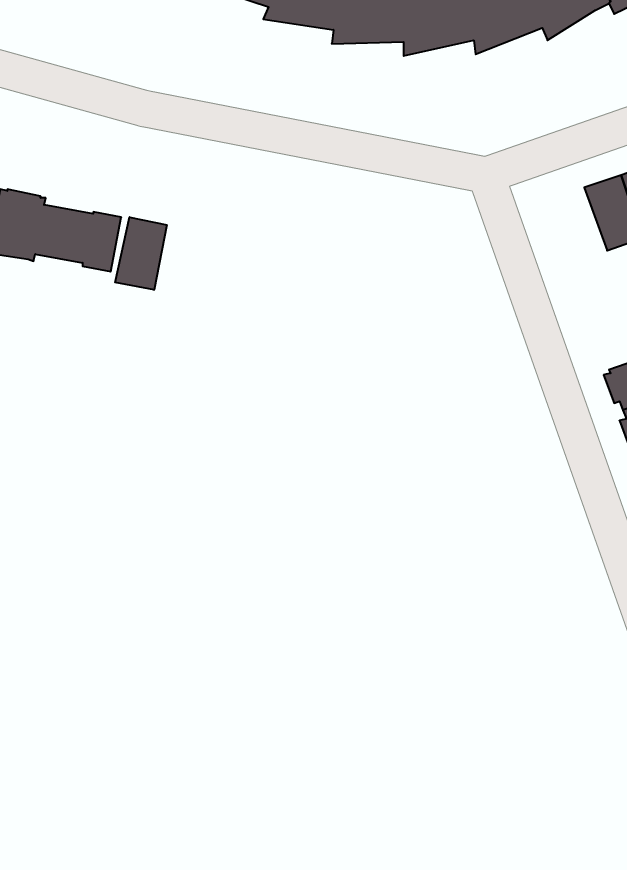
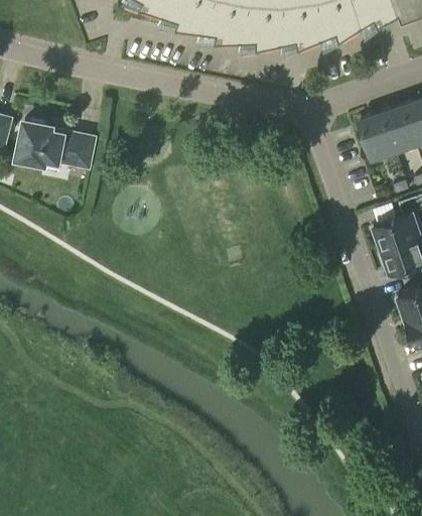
building: [115,217,167,290] -> none

